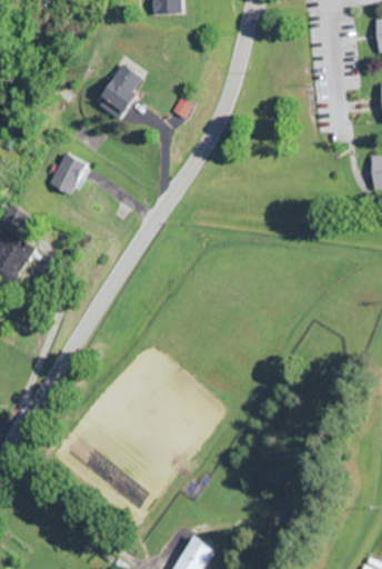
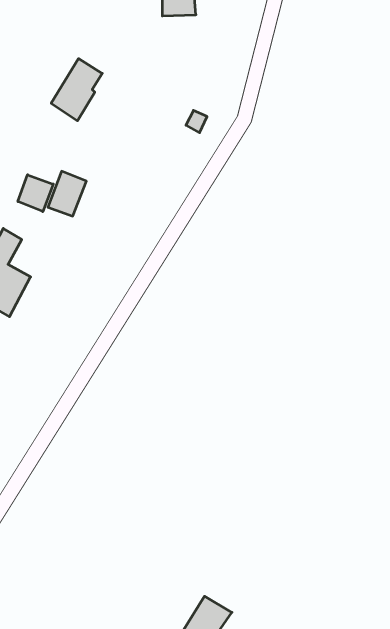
building: [96,64,141,120] -> [51,59,102,121]
building: none -> [18,175,53,212]

